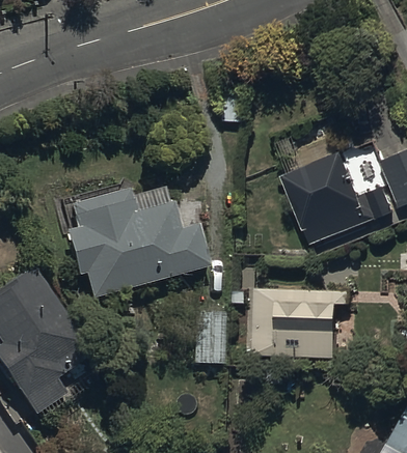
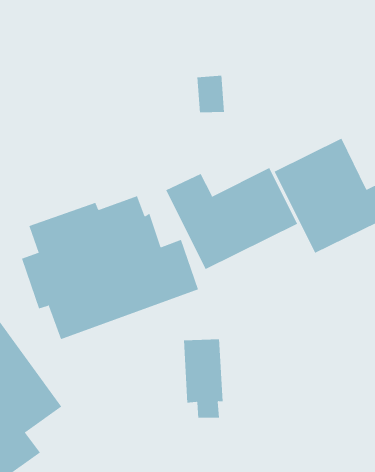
building: none -> [165,167,298,270]
building: [246,289,348,358] -> none

